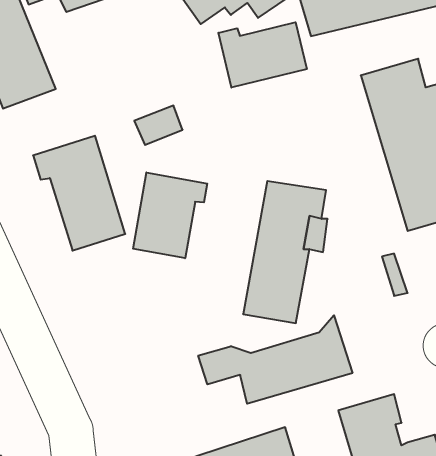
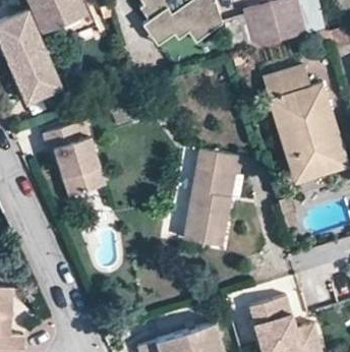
building: [218,22,307,88] -> none
building: [133,172,207,258] -> none
building: [198,315,352,404] -> none

